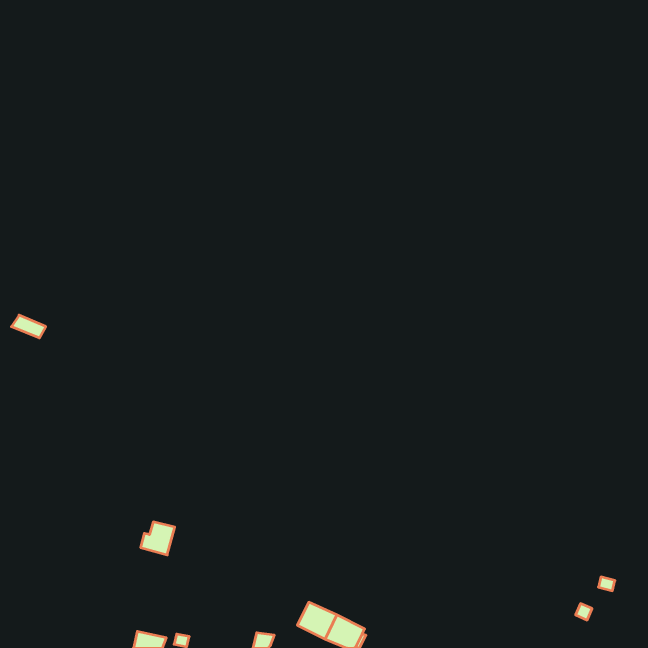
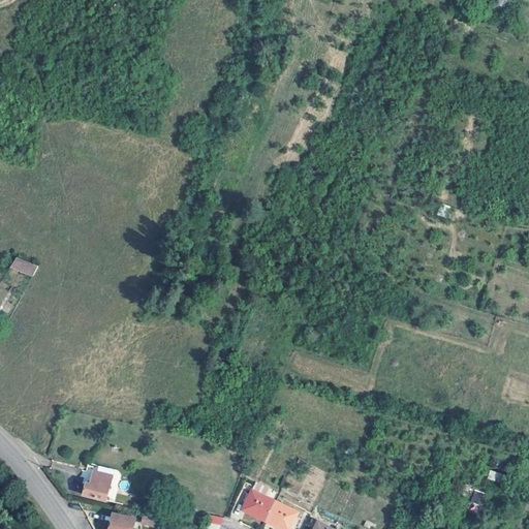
building: [141,522,175,555] -> [84,473,112,500]

